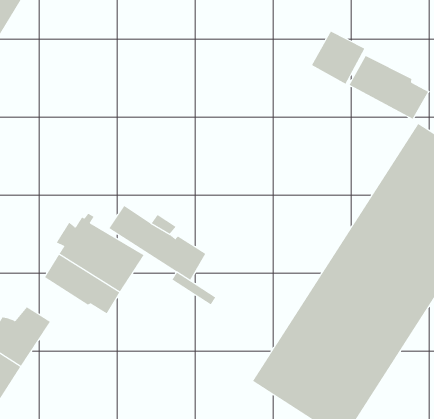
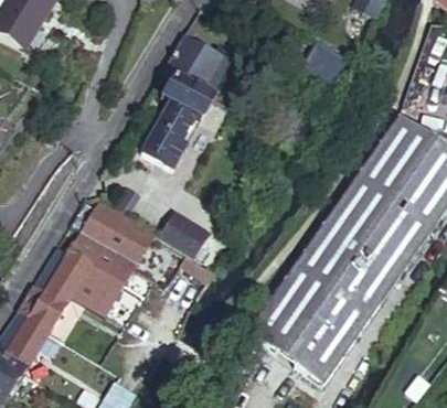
building: none -> [145,33,230,164]
building: [349,55,429,120] -> none
building: none -> [55,250,125,312]

